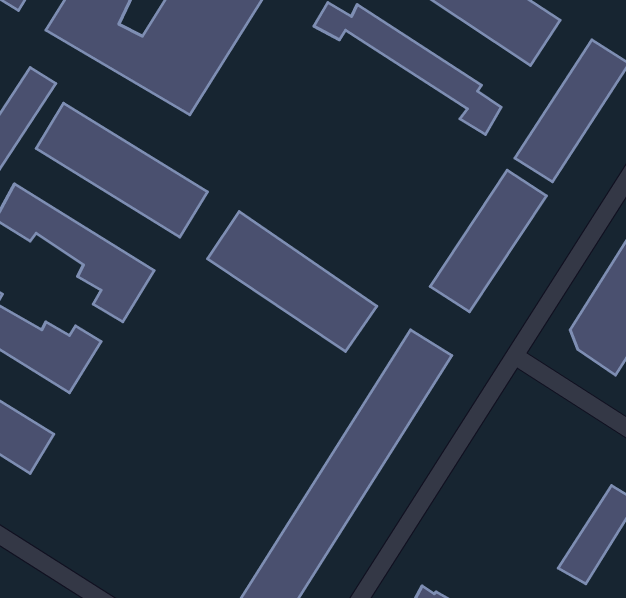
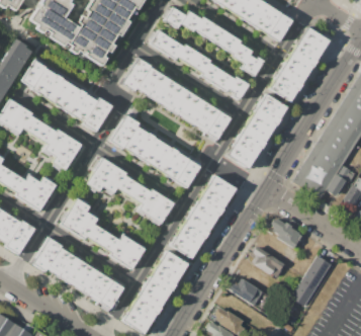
building: none -> [152,31,247,99]
building: none -> [124,60,232,142]
building: none -> [86,158,175,226]
building: none -> [61,195,151,272]
building: none -> [271,219,303,251]
building: none -> [37,240,126,307]
building: none -> [252,247,284,280]
building: none -> [230,279,264,307]

